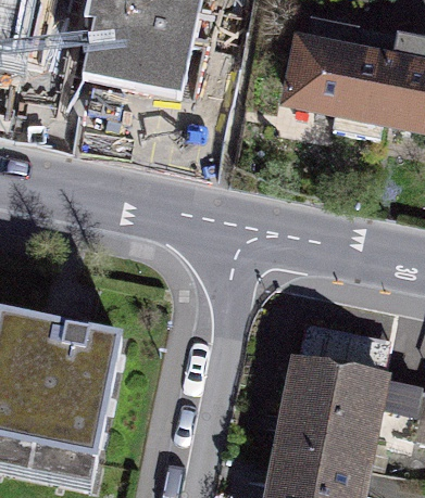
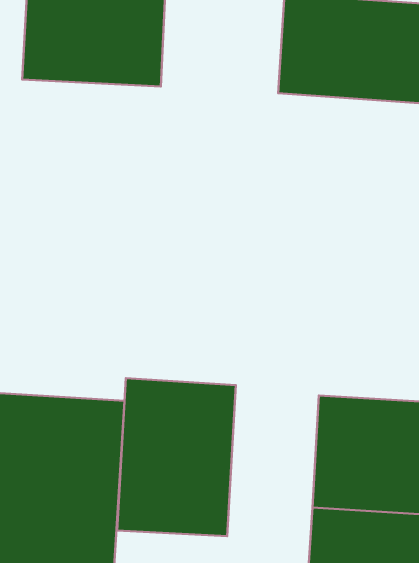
building: none -> [117,378,236,536]

